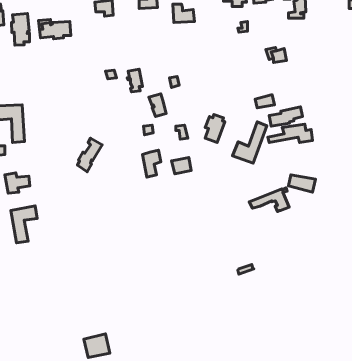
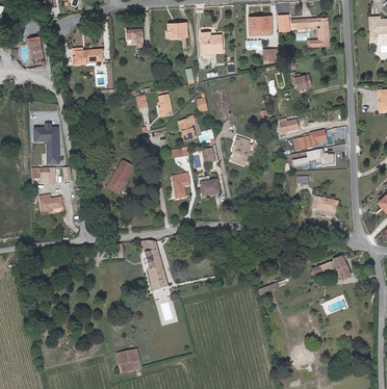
building: [11,14,30,45] -> none
building: [233,122,267,163] -> none
building: [249,188,289,212] -> [311,256,350,279]
building: [11,206,37,243] -> none
building: none -> [141,240,169,290]

